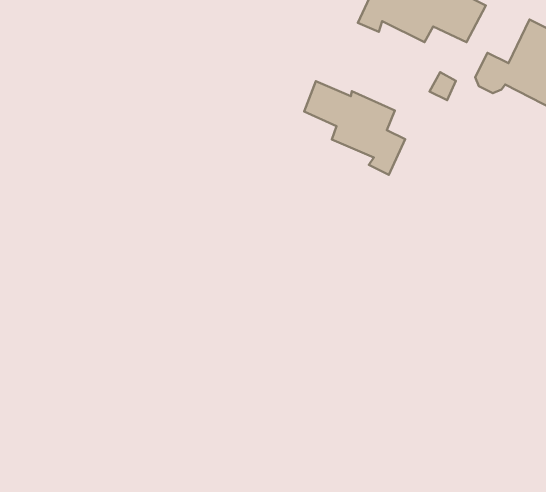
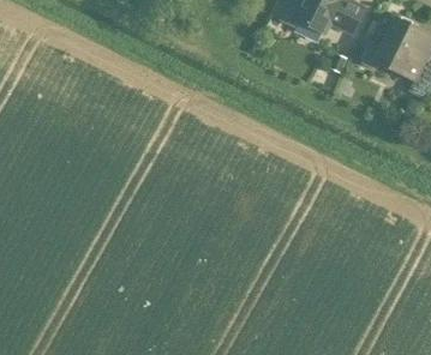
building: [304,81,405,175] -> none

